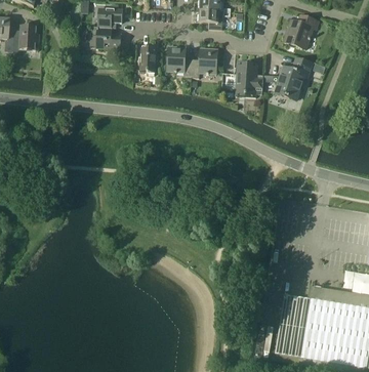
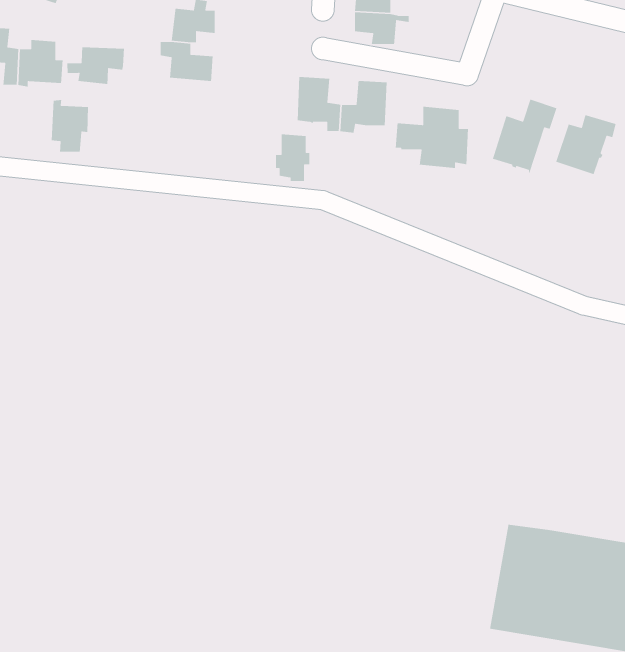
building: [284,14,318,48] -> [555,114,616,175]
building: none -> [66,46,125,85]
building: [138,44,158,71] -> [275,134,310,182]
building: none -> [51,99,89,153]

